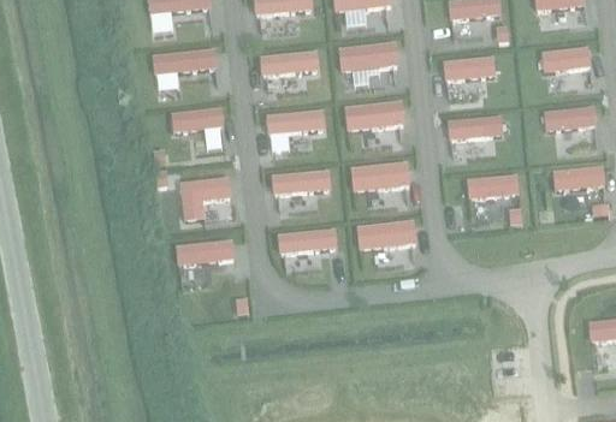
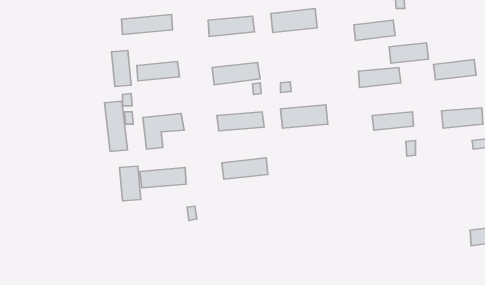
building: [540,47,590,72] -> [389,43,429,63]
building: none -> [112,50,131,87]
building: [345,101,405,130] -> none
building: none -> [105,101,127,152]
building: [357,221,415,250] -> none
building: none -> [120,166,141,201]

